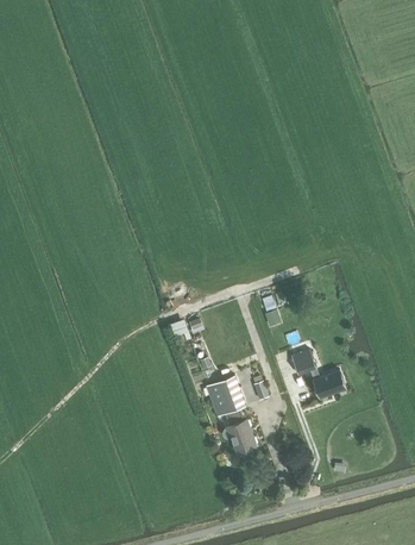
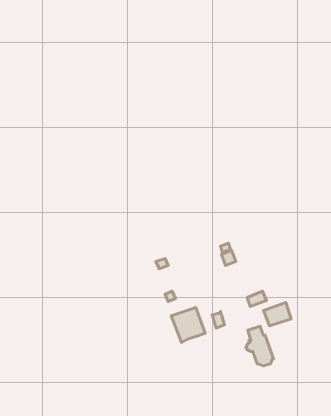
building: [221,407,253,453] -> [246,326,273,366]

